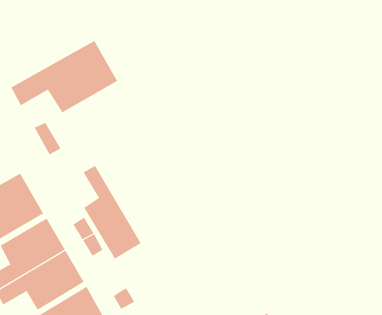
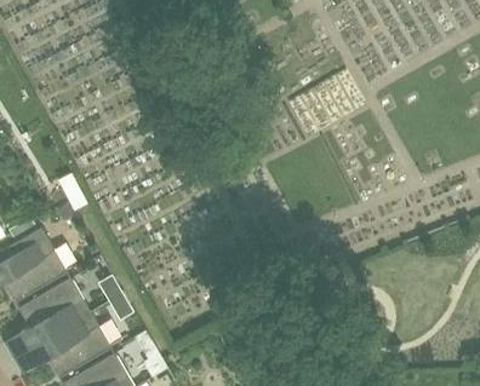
building: [11,40,118,113] -> none
building: [83,165,142,260] -> none

